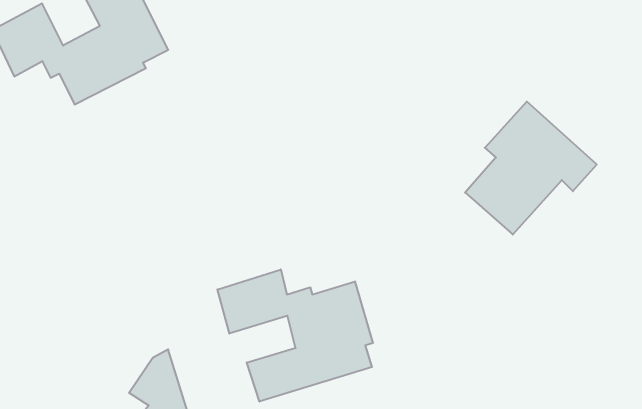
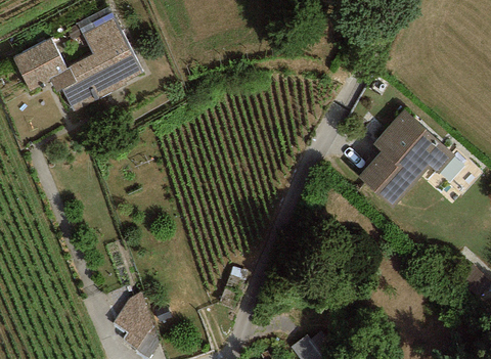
building: [217,269,373,402] -> none

